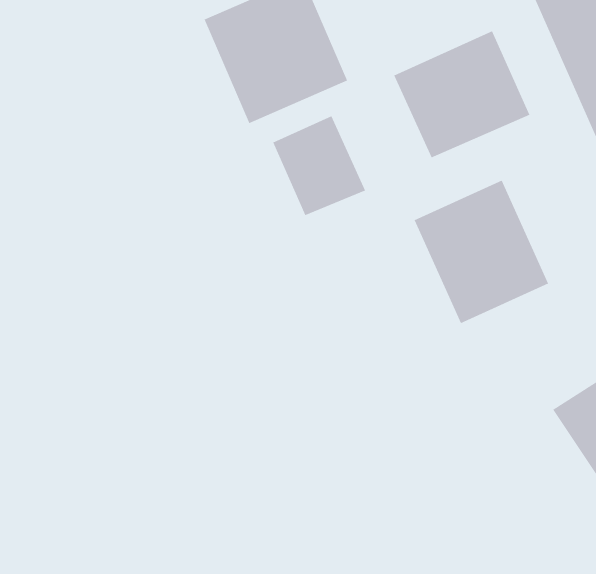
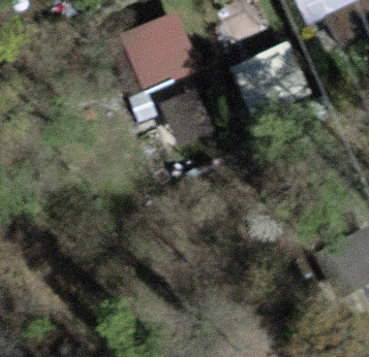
building: [413,179,549,324] -> none

